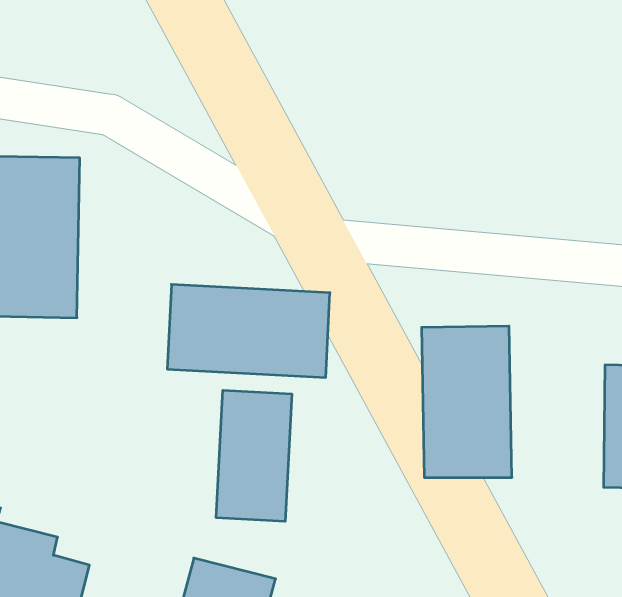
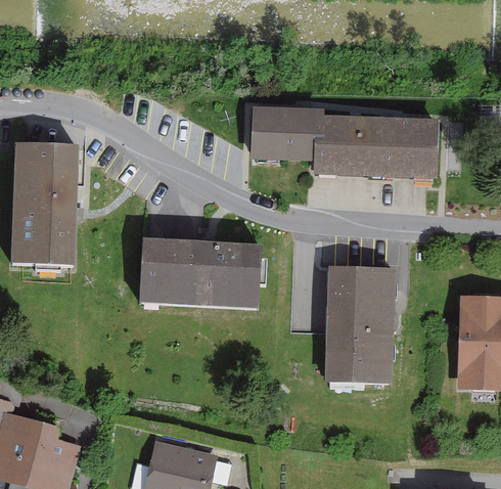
building: none -> [252,107,436,177]
building: [216,390,292,521] -> none

